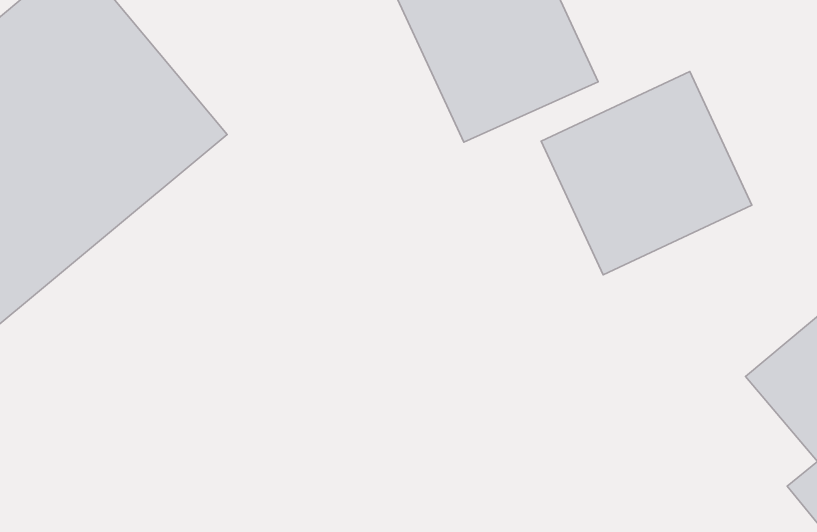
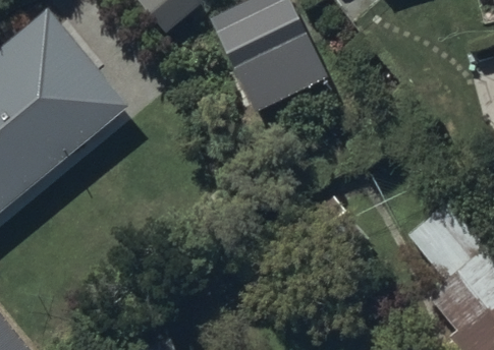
building: [541,71,752,275] -> none

